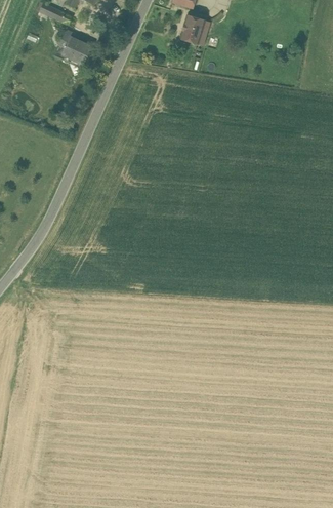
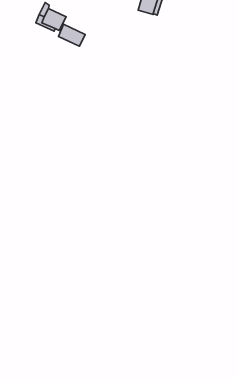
building: none -> [59,24,85,46]

